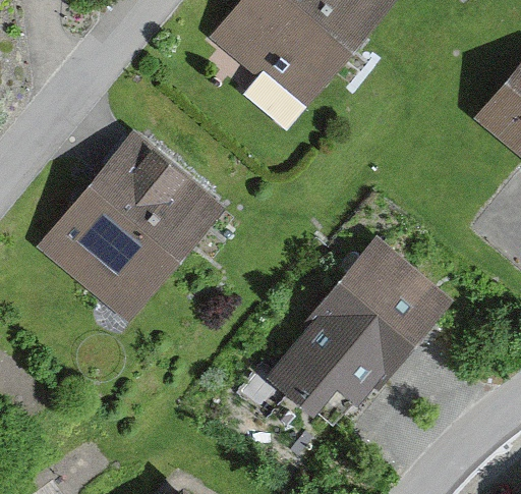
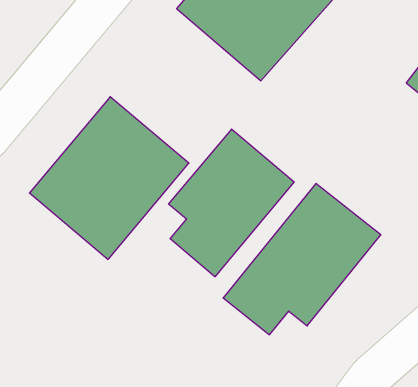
building: none -> [169,129,294,277]

